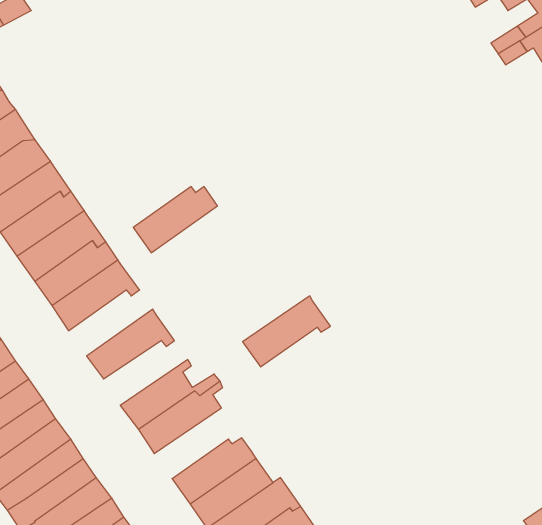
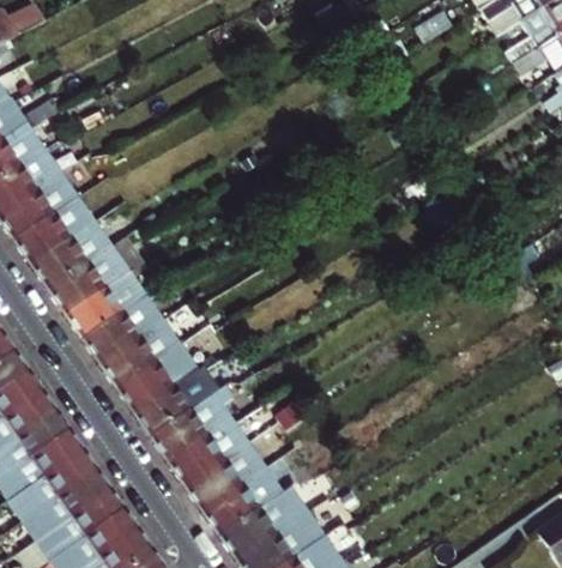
building: [133,187,217,253] -> [81,302,165,368]
building: [243,296,330,367] -> [167,419,254,490]
building: none -> [116,350,200,417]

